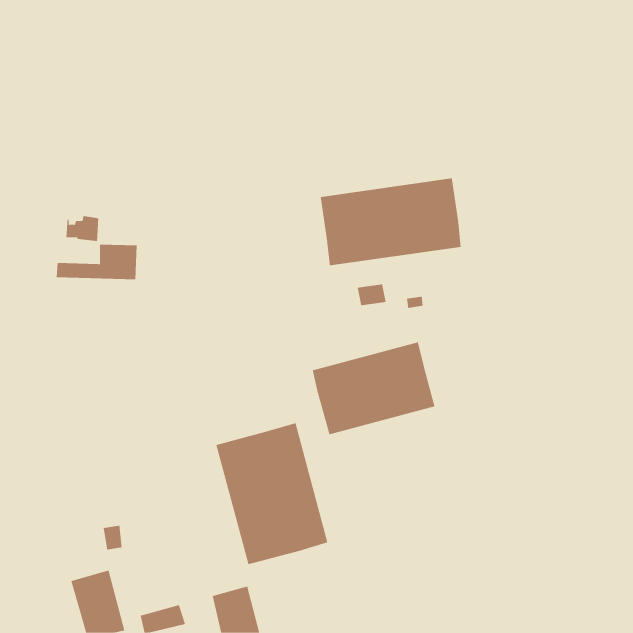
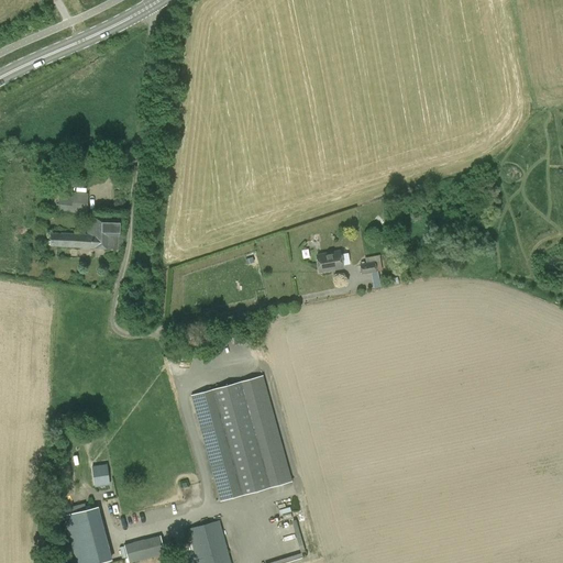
building: [320,178,461,266] -> none
building: [312,342,435,435] -> none

